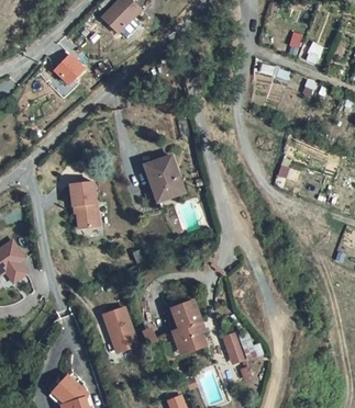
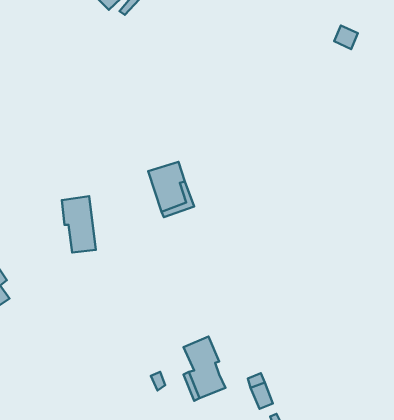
building: [51,48,85,81] -> none
building: [106,309,140,354] -> none

